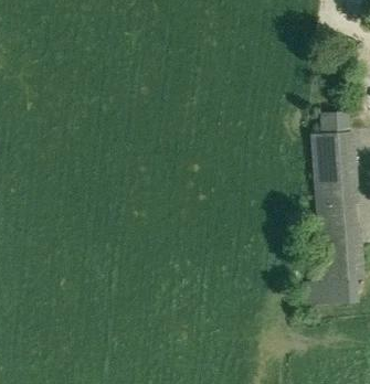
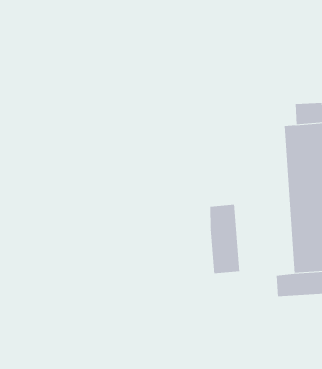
building: none -> [210,204,240,274]

